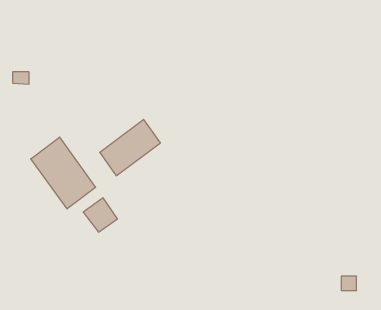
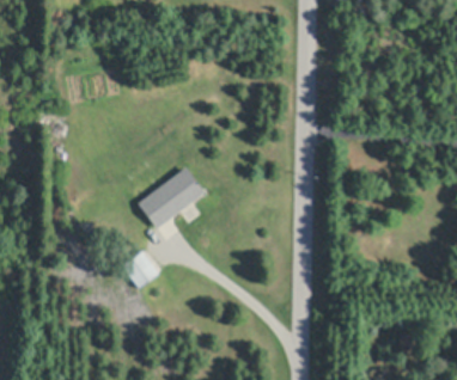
building: [31,137,96,209] -> none

